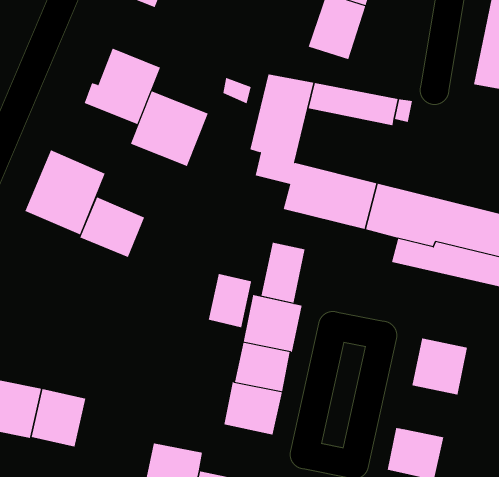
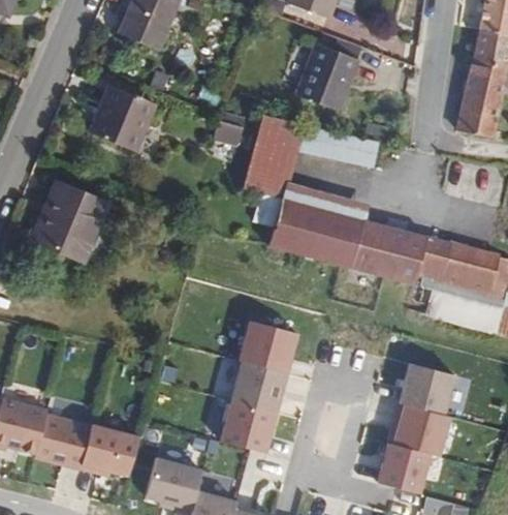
building: [130,90,208,167] -> none
building: [79,197,145,258] -> none
building: [261,242,305,304] -> none
building: [208,273,252,328] -> none
building: none -> [390,410,447,461]
building: none -> [77,422,138,486]

